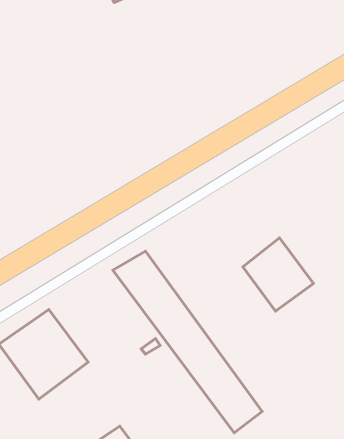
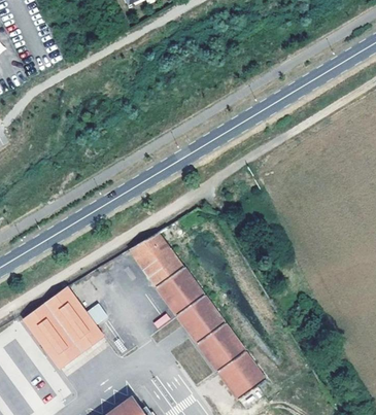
building: [243,238,314,311] -> none

